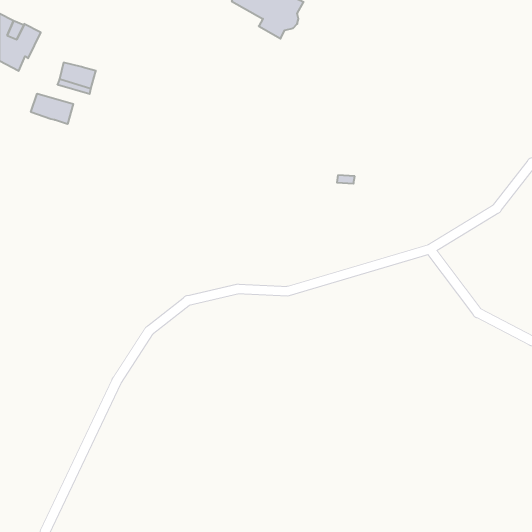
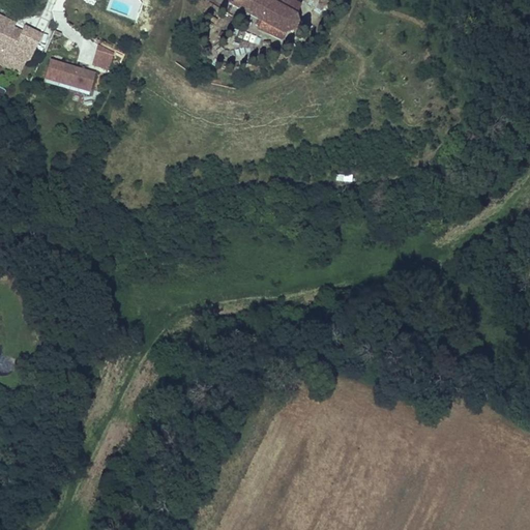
building: none -> [90,45,114,70]
building: [31,94,73,124] -> none

